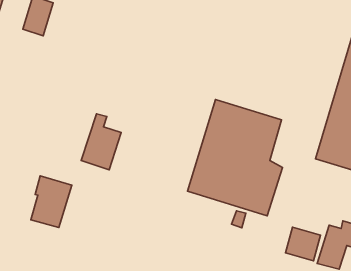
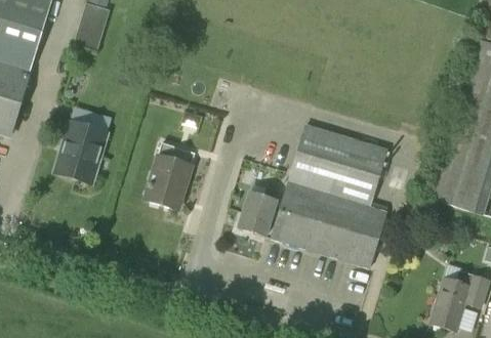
building: none -> [238,184,280,235]
building: [31,176,72,228] -> [58,120,108,182]
building: [286,227,321,261] -> none

